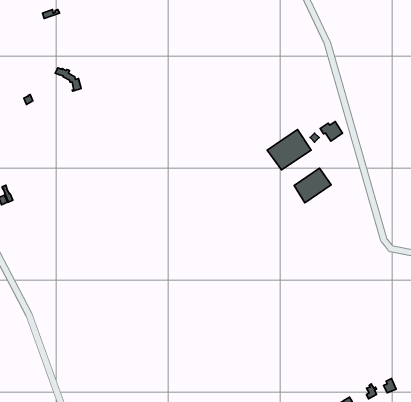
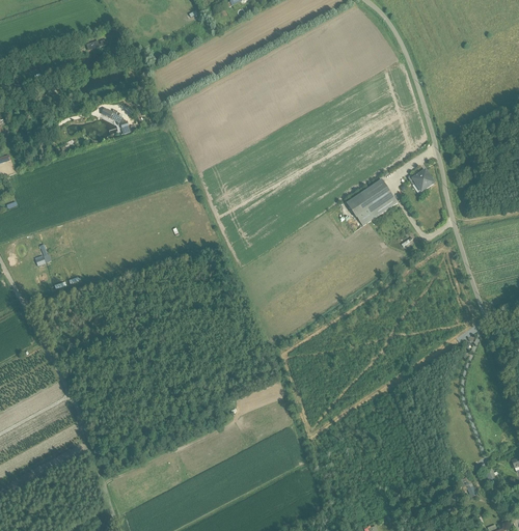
building: [294,168,331,203] -> none

